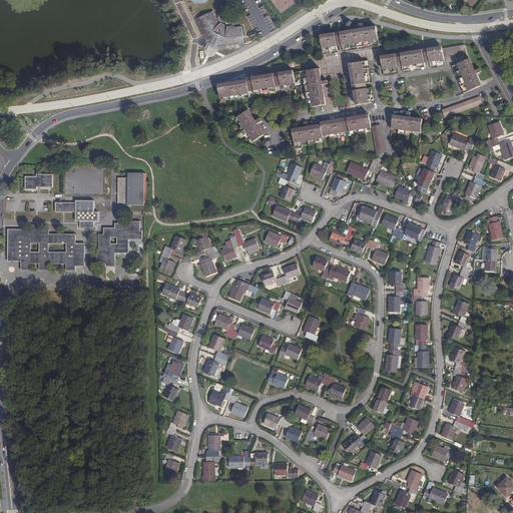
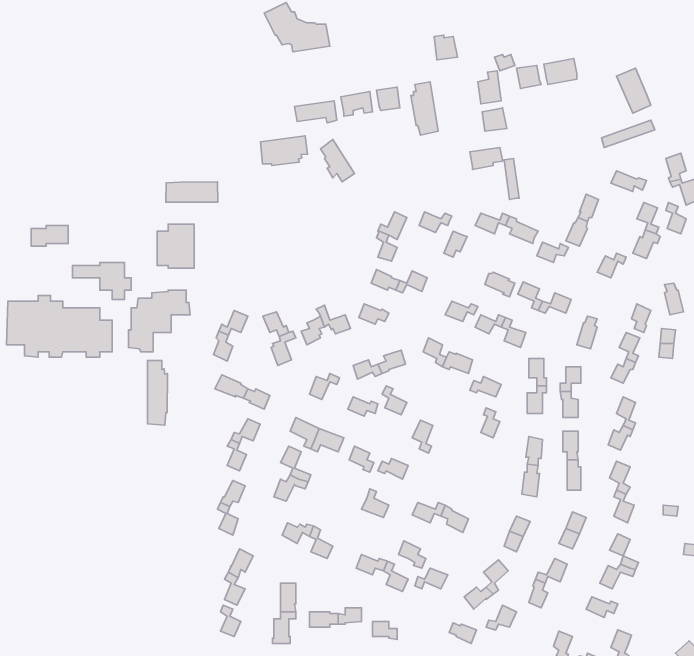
building: [340,25,378,48] -> none
building: [427,43,463,64] -> none
building: none -> [260,136,307,165]
building: [391,115,422,132] -> none
building: [290,119,343,146] -> none
building: none -> [166,182,218,202]
building: none -> [147,360,167,425]

